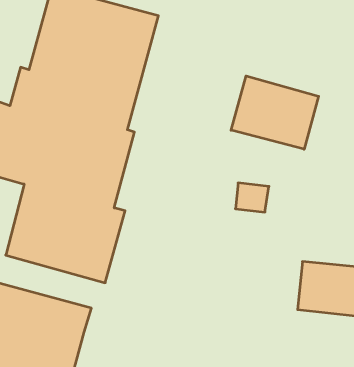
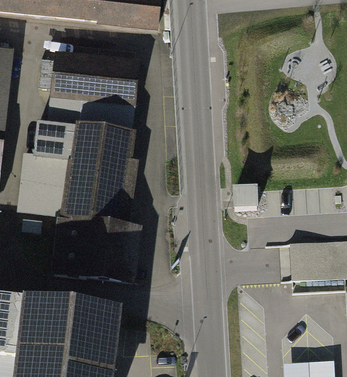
building: [231,76,319,149] -> none

